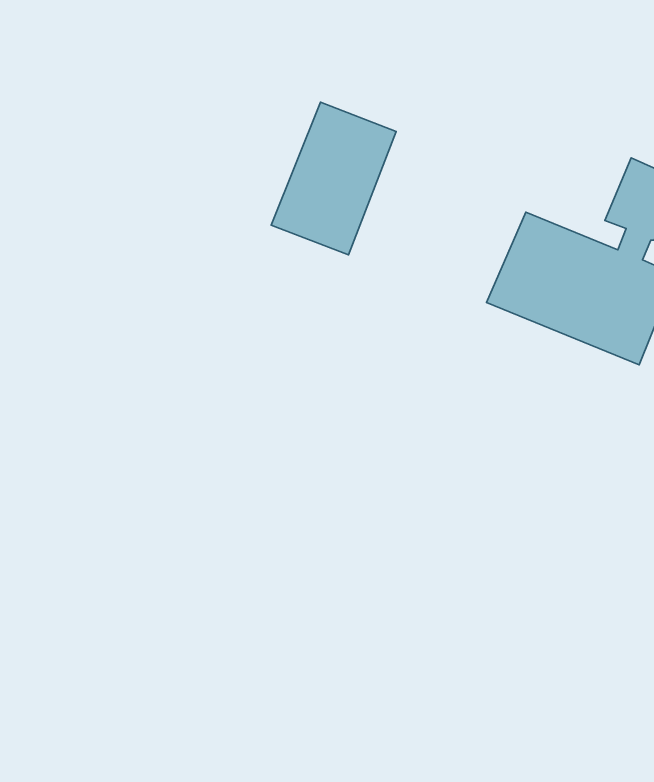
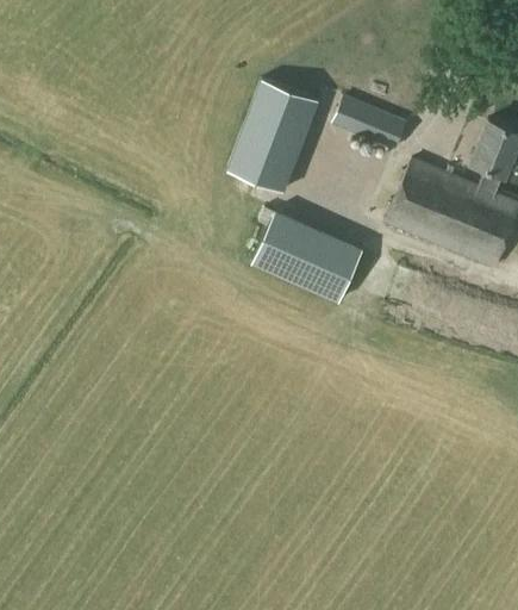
building: none -> [335,99,405,149]
building: none -> [252,211,363,303]

